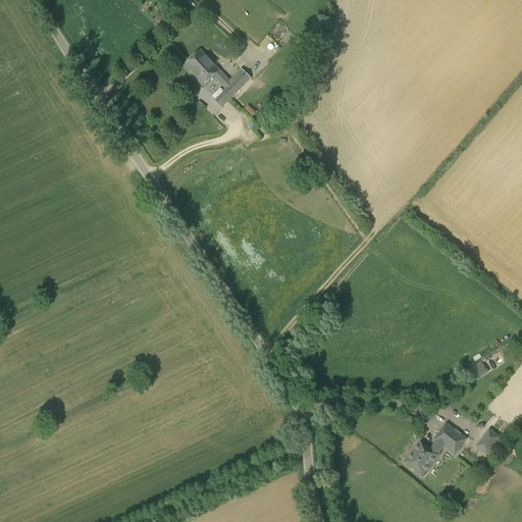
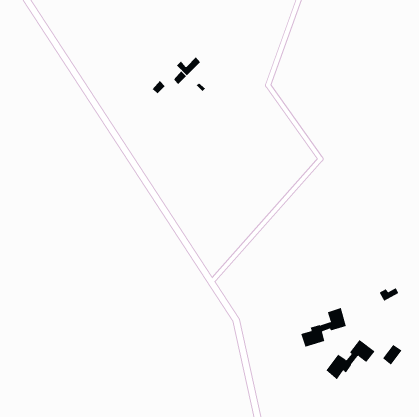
building: [184,49,219,85] -> none
building: none -> [300,307,346,347]

